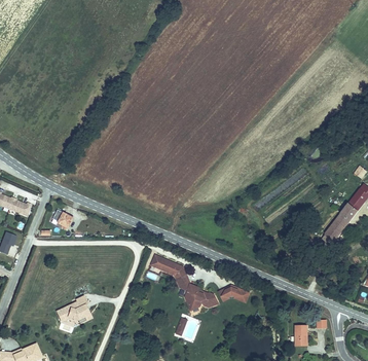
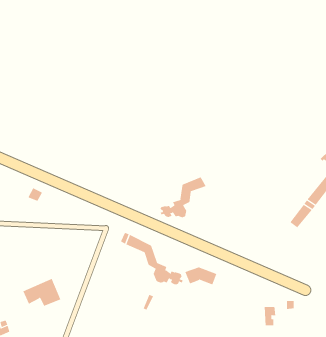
building: none -> [160,177,207,218]

